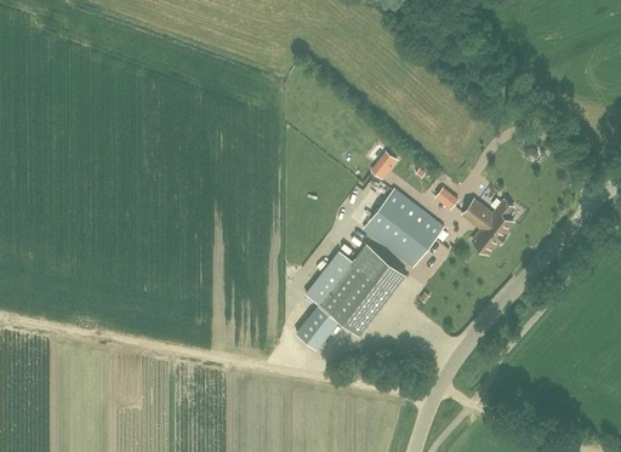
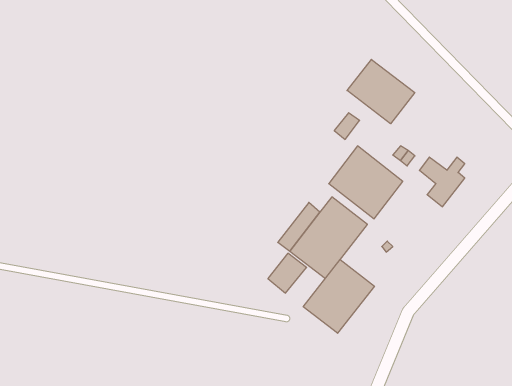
building: none -> [347,59,415,124]
building: none -> [303,260,374,333]

